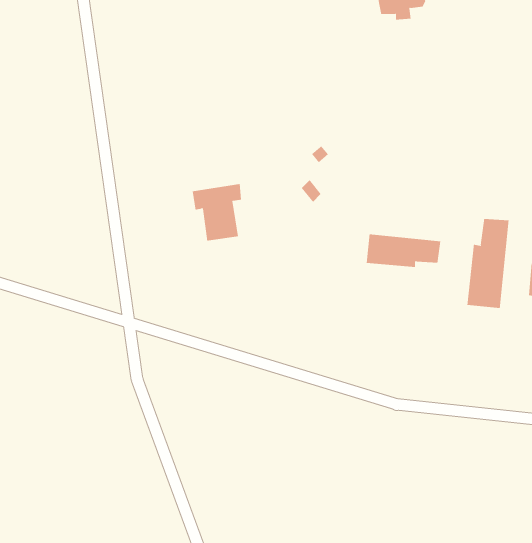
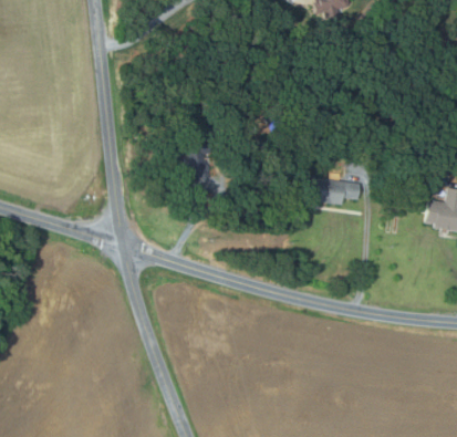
building: [467,218,509,309] -> none

